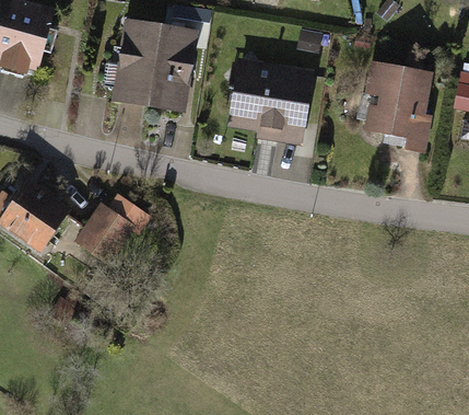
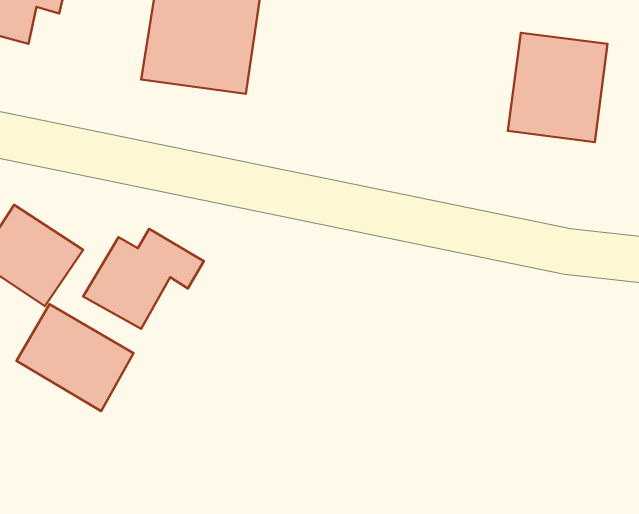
building: [231,60,312,138] -> none
building: none -> [16,304,133,411]

